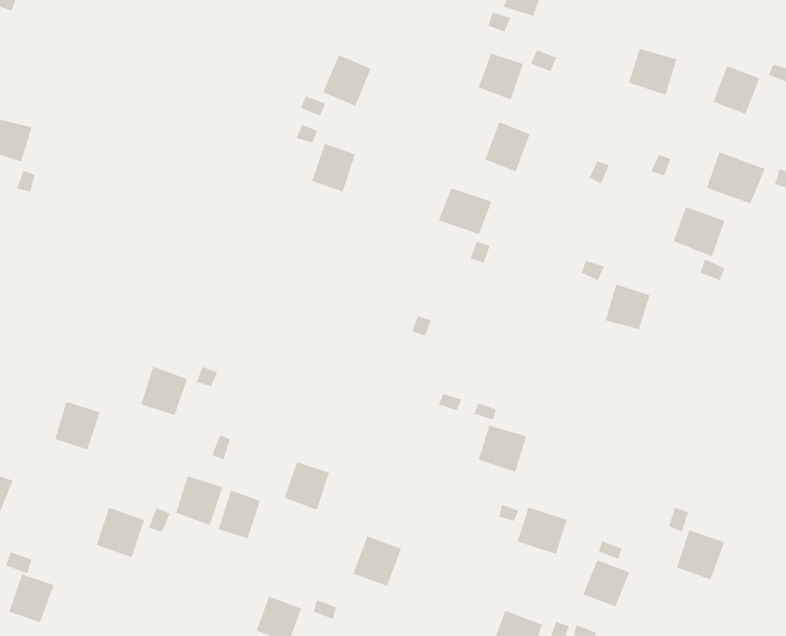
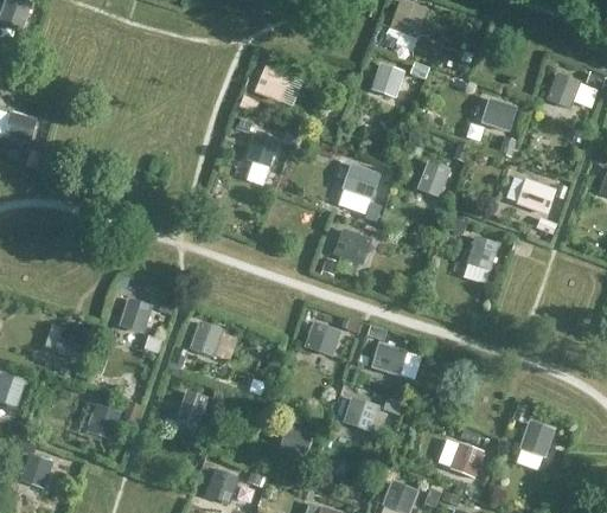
building: [628,48,677,96] -> [480,97,517,133]
building: [484,121,530,172] -> [416,160,451,198]
building: [706,151,766,204] -> none
building: none -> [332,227,372,265]
building: none -> [304,321,341,357]
building: [284,461,330,510] -> [189,321,223,358]
building: [175,475,223,526] -> none
building: [517,507,567,554] -> [341,397,379,432]

